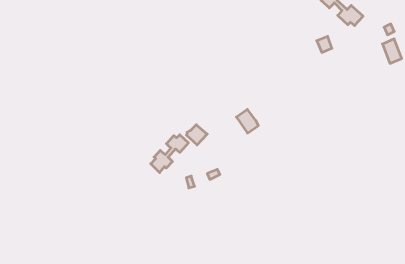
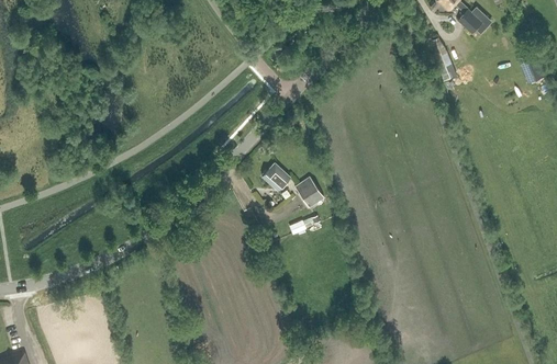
building: [236,109,258,133] -> [296,178,324,208]
building: [151,135,188,173] -> none

